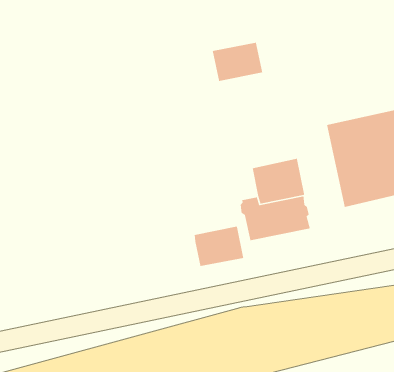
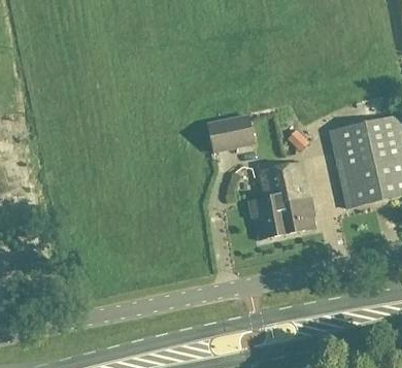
building: [212,42,263,82] -> [207,113,255,150]
building: [194,225,244,267] -> none

